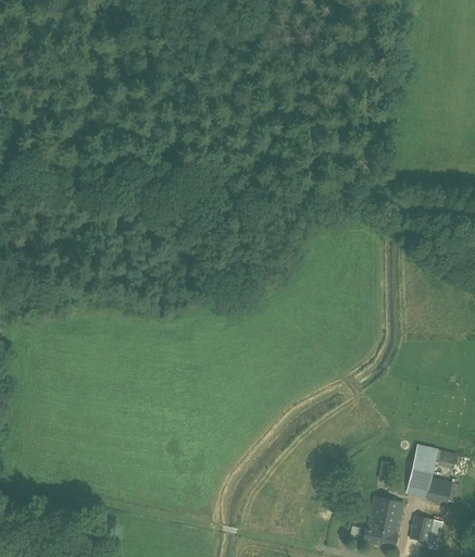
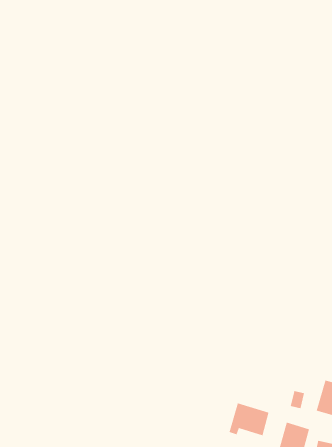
building: none -> [229,403,269,436]

